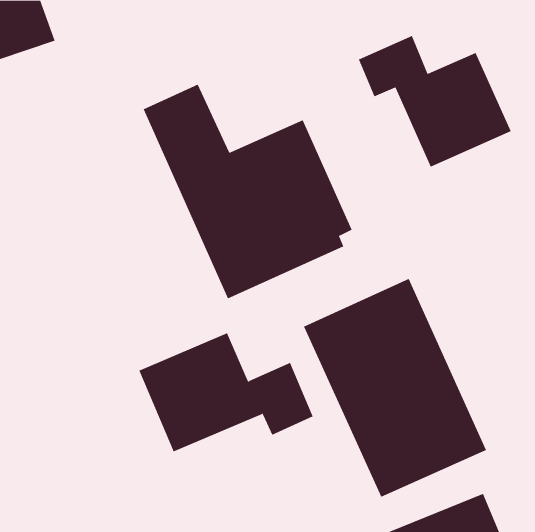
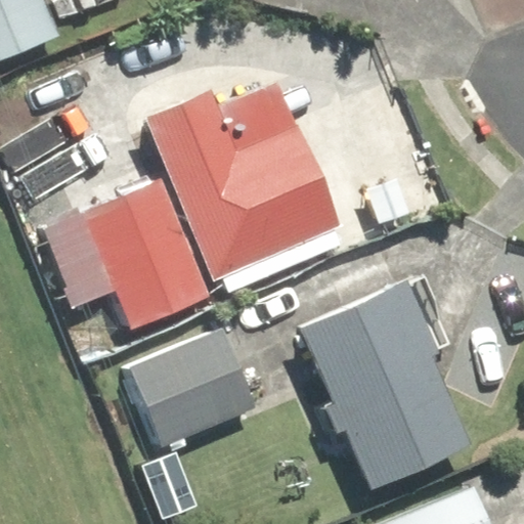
building: [358,35,511,168] -> none
building: none -> [70,165,208,333]

